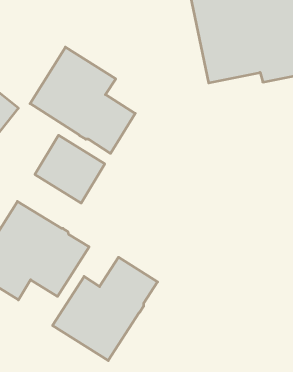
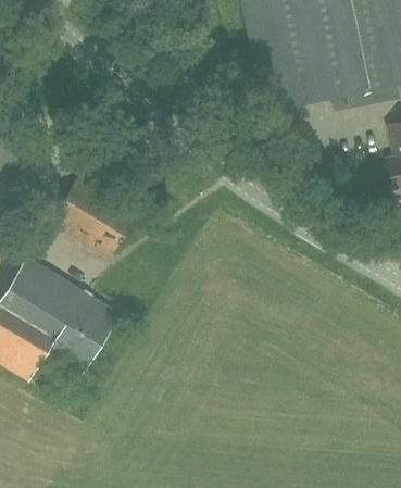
building: [30,47,135,153] -> none
building: [53,257,158,361] -> none

